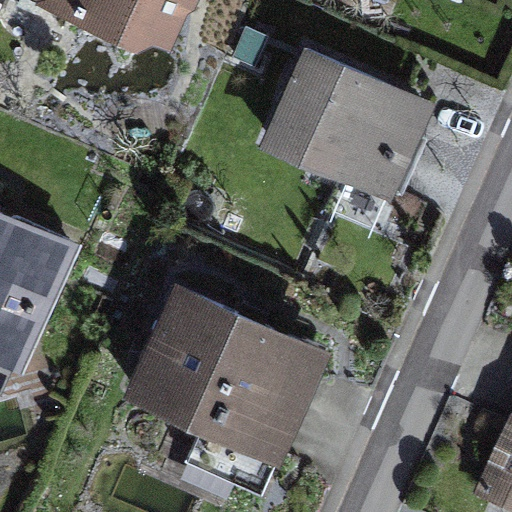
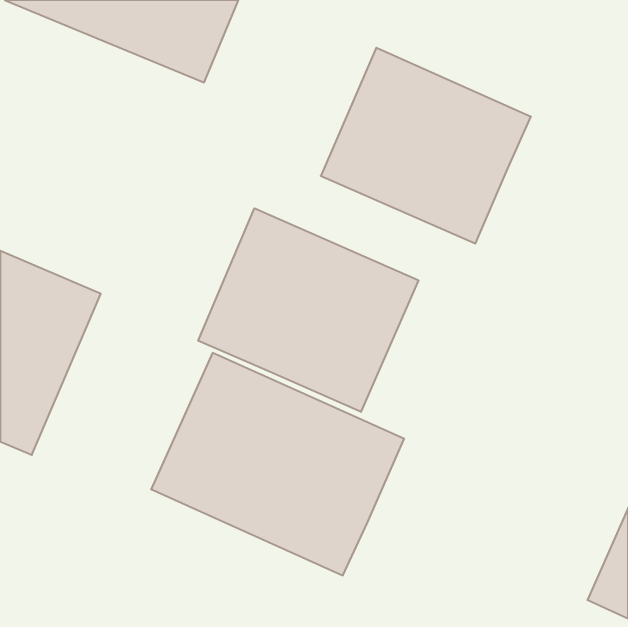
building: none -> [198,208,418,412]

